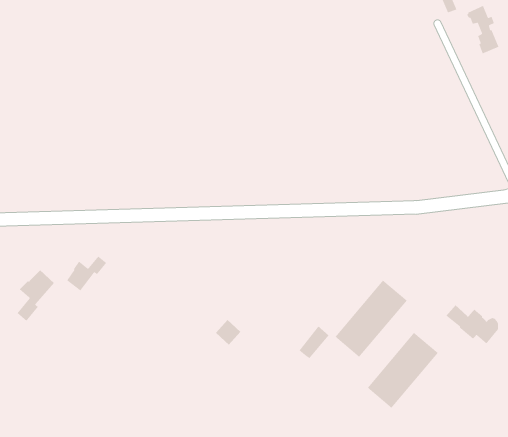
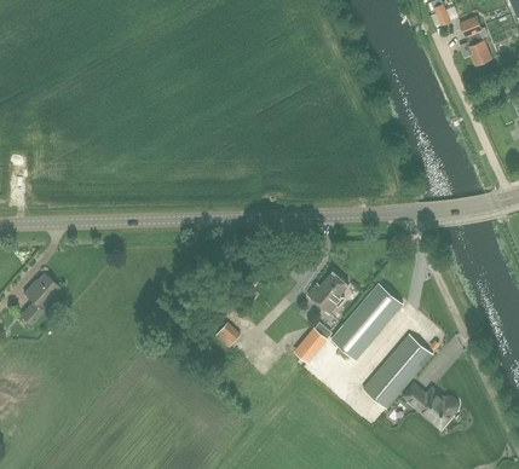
building: [66,256,107,291] -> none
building: none -> [307,271,348,313]
building: [445,305,499,344] -> [404,384,456,423]

